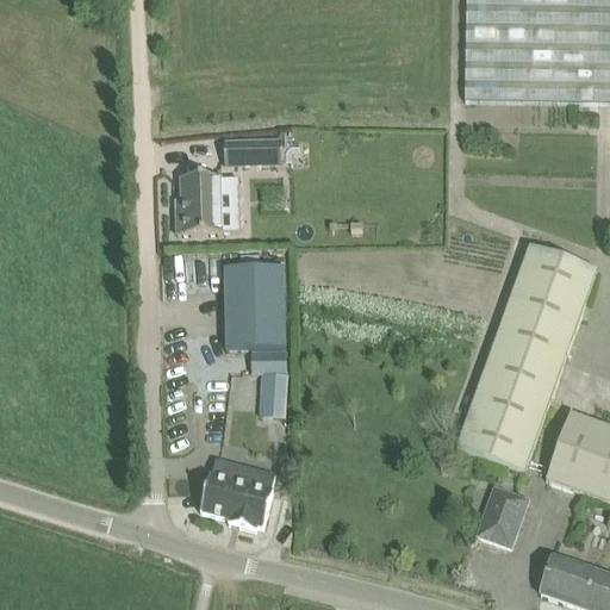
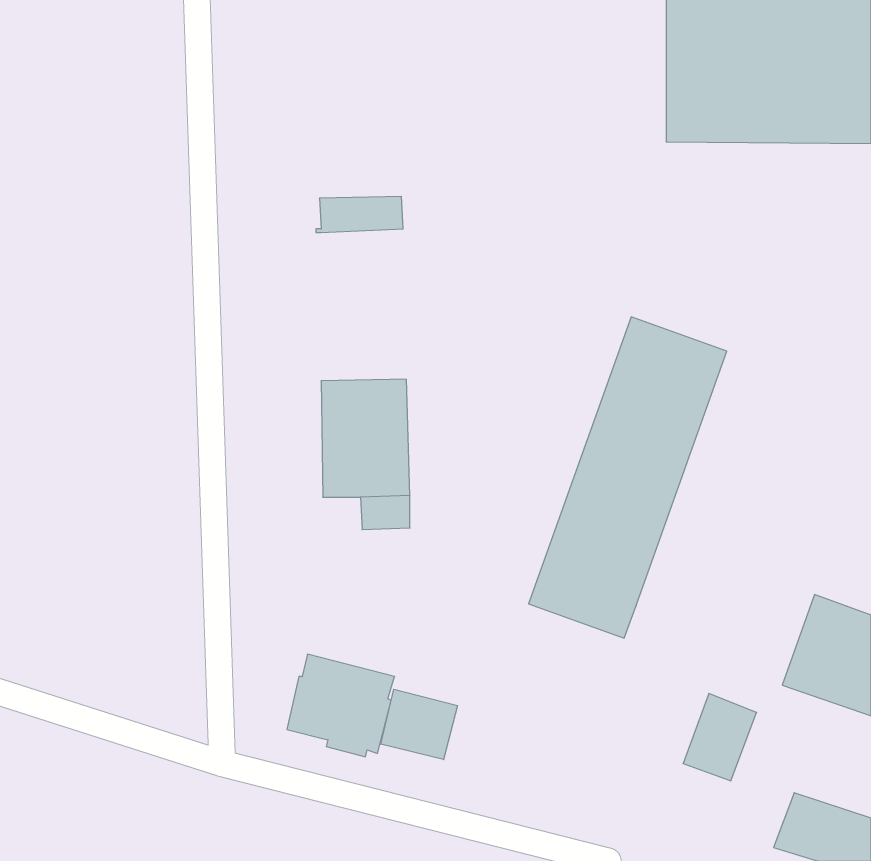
building: [175,166,225,231] -> none
building: [456,245,595,469] -> [529,317,727,638]
building: [261,369,286,400] -> none
building: none -> [381,689,458,760]

